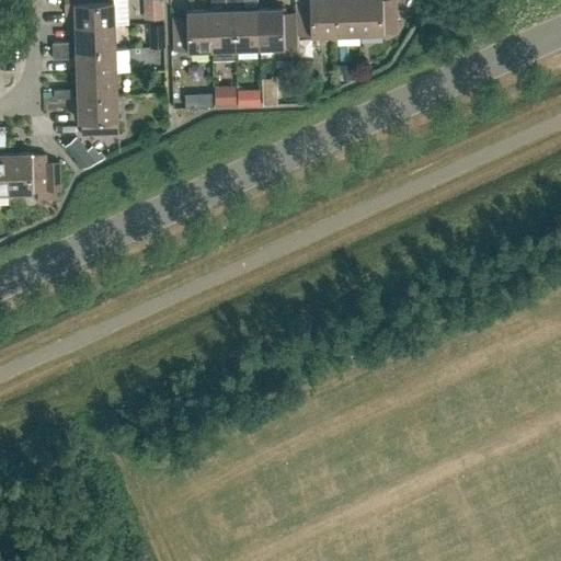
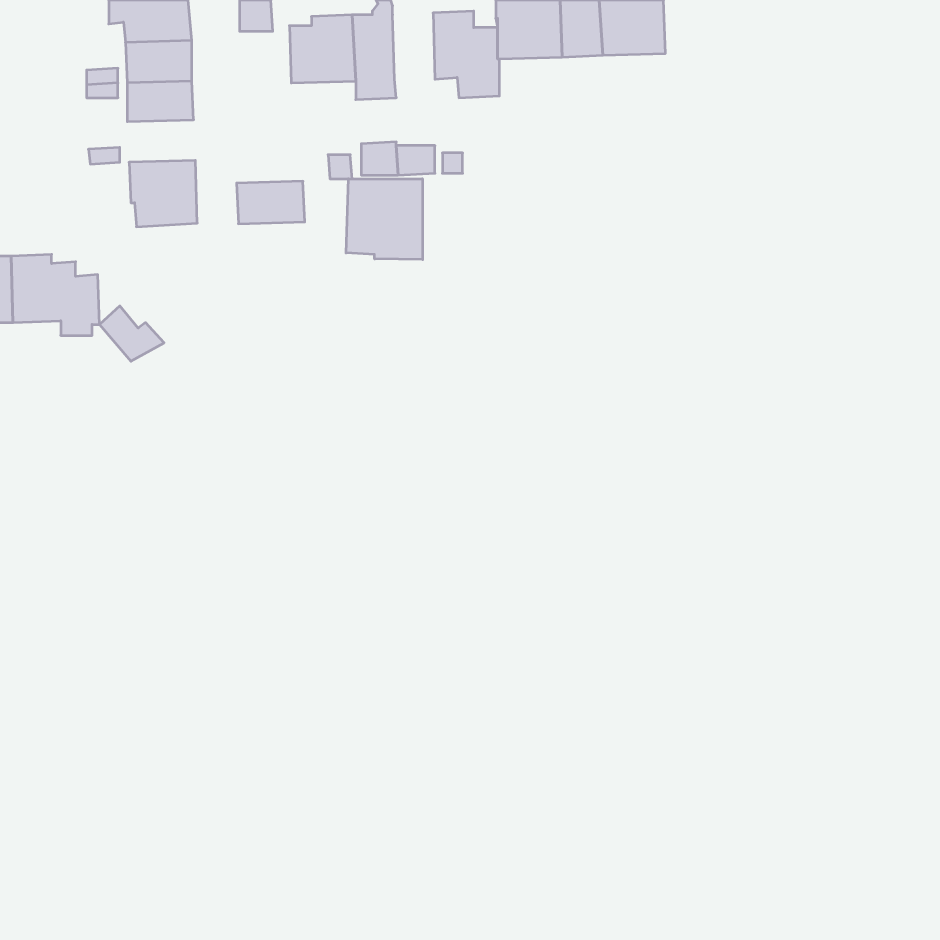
building: [233,9,259,48] -> none
building: [76,72,116,98] -> [237,181,305,224]
building: none -> [346,179,423,260]
building: [64,136,102,169] -> [100,306,164,361]

